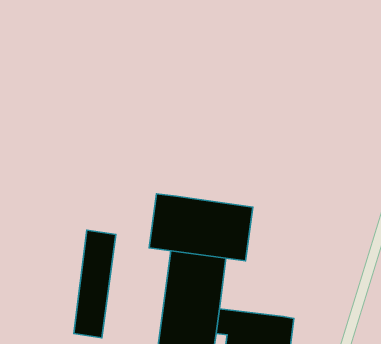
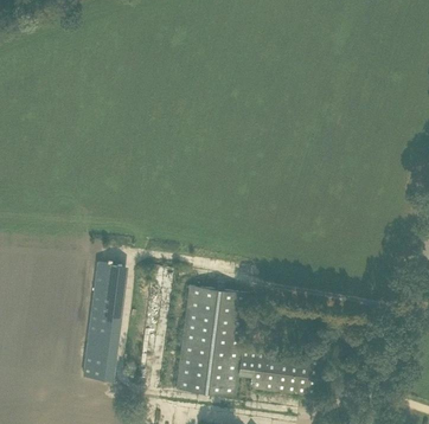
building: [149,194,253,261] -> none

